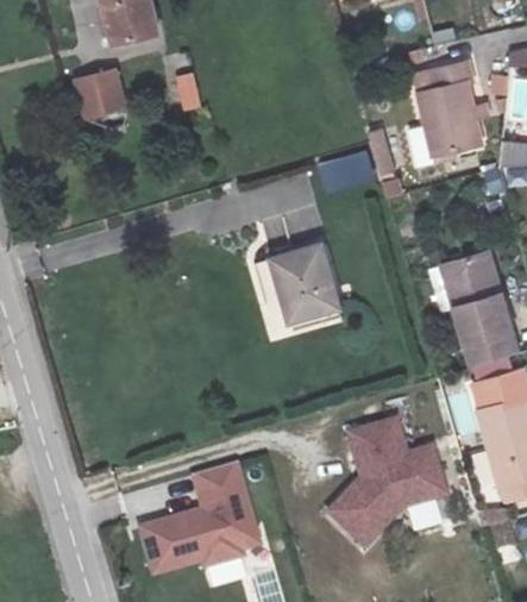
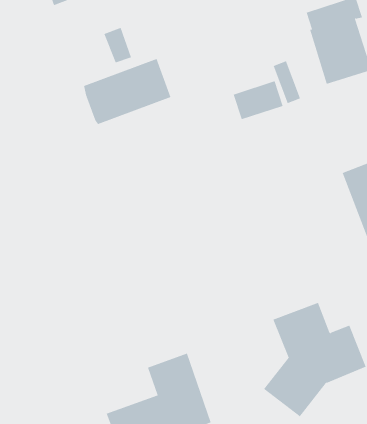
building: [77,70,121,113] -> none
building: none -> [84,58,171,125]
building: [266,245,330,320] -> none

